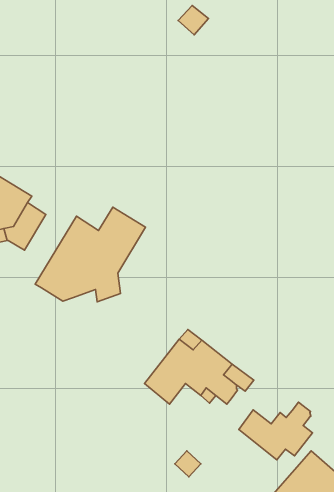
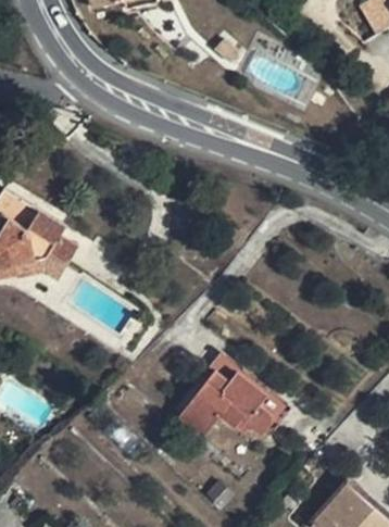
building: [35,207,146,302] -> none
building: [239,402,313,460] -> none

